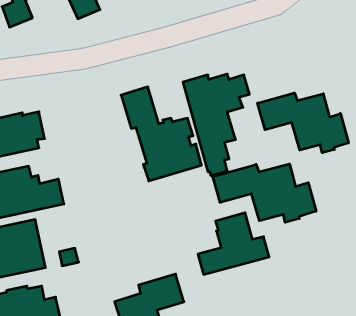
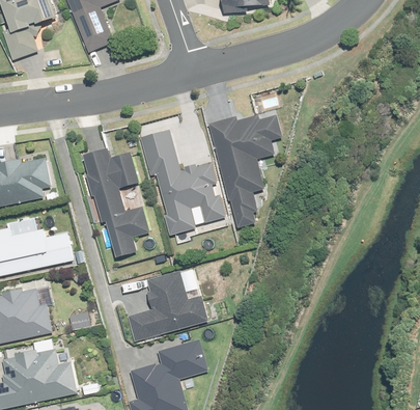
building: [258,93,348,153] -> none
building: none -> [81,147,148,256]
building: [213,164,316,222] -> none
building: [198,213,269,274] -> [127,269,206,338]

